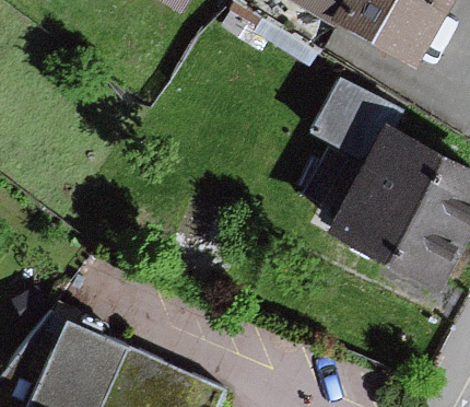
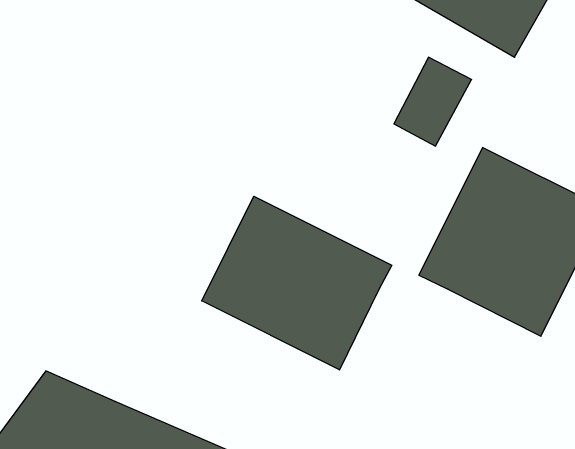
building: none -> [202,196,392,370]

